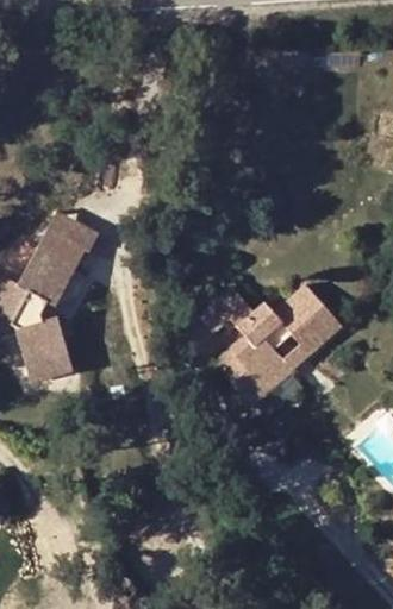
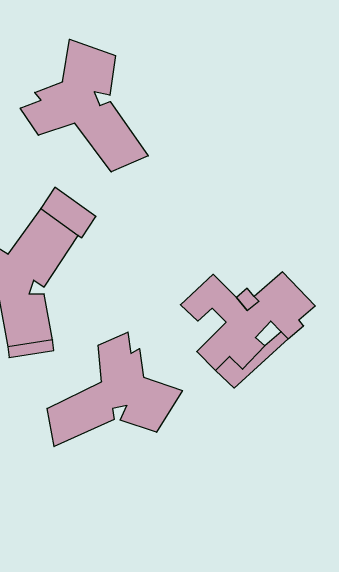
building: none -> [20,39,148,172]
building: none -> [47,332,182,447]

